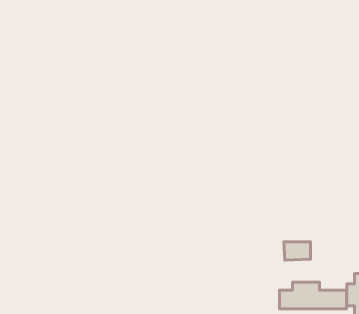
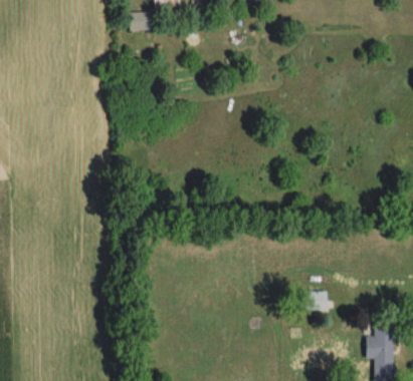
building: [280,282,346,309] -> none

